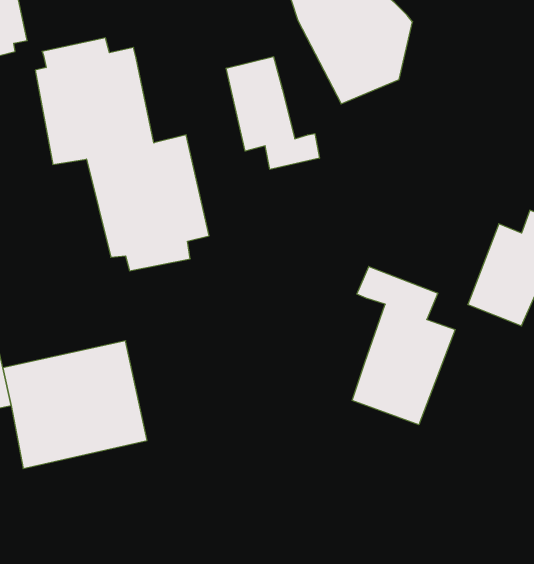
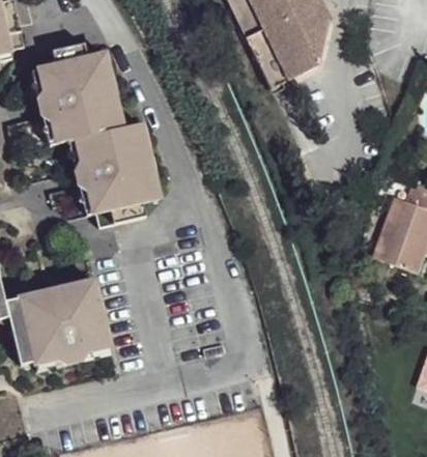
building: [226,57,319,169] -> none
building: [352,266,455,425] -> none

